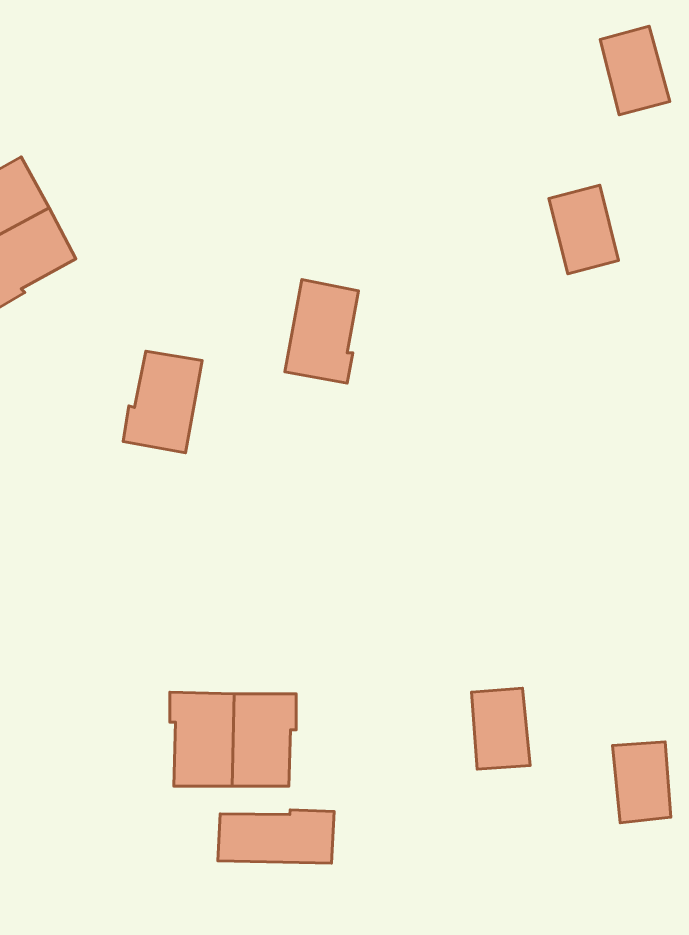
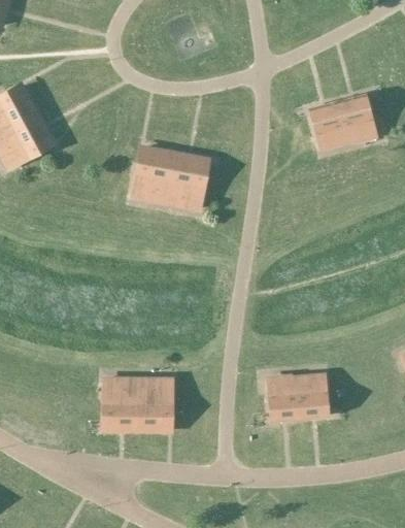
building: [600,26,670,115] -> [339,95,377,143]
building: [123,351,202,453] -> [133,148,176,204]
building: [613,742,671,823] -> [297,375,329,420]
building: [218,810,334,863] -> none

